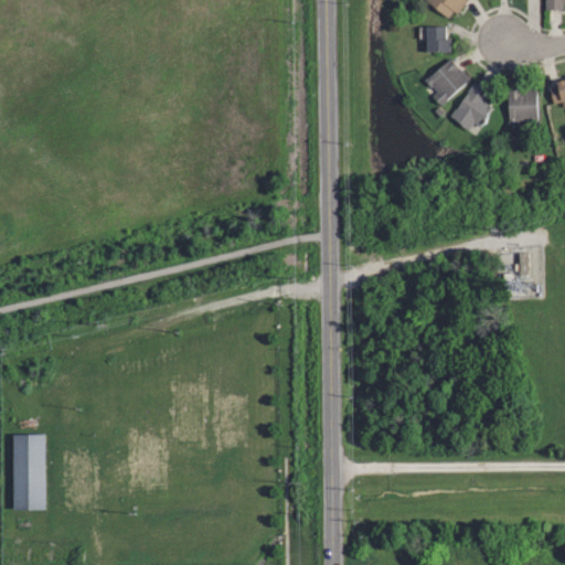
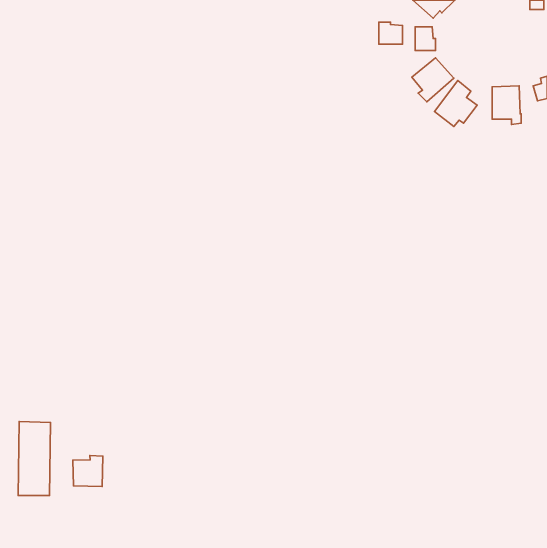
building: none -> [379,22,402,44]
building: none -> [73,455,103,487]

